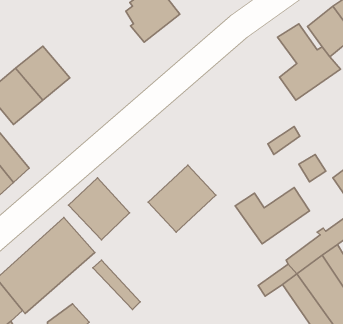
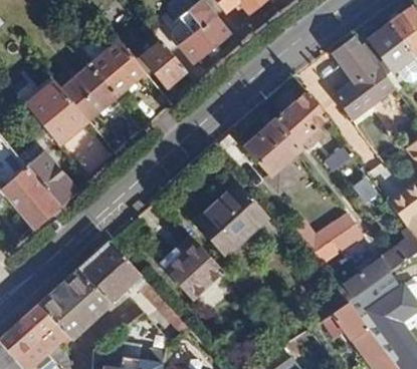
building: none -> [87,40,144,97]
building: none -> [142,40,185,85]
building: none -> [244,92,327,192]
building: [69,178,129,240] -> [160,235,223,299]

